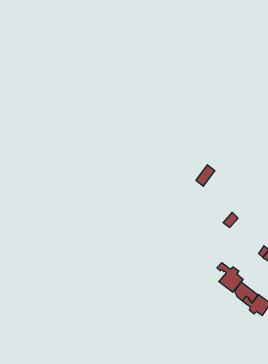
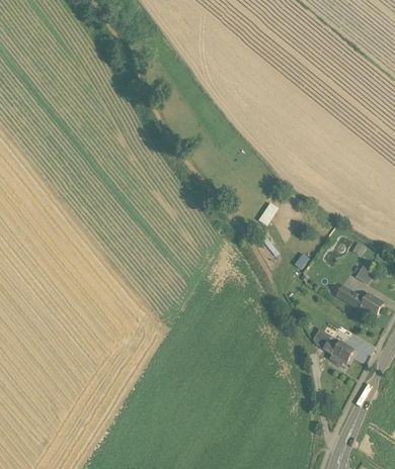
building: [217,263,243,292] -> none

